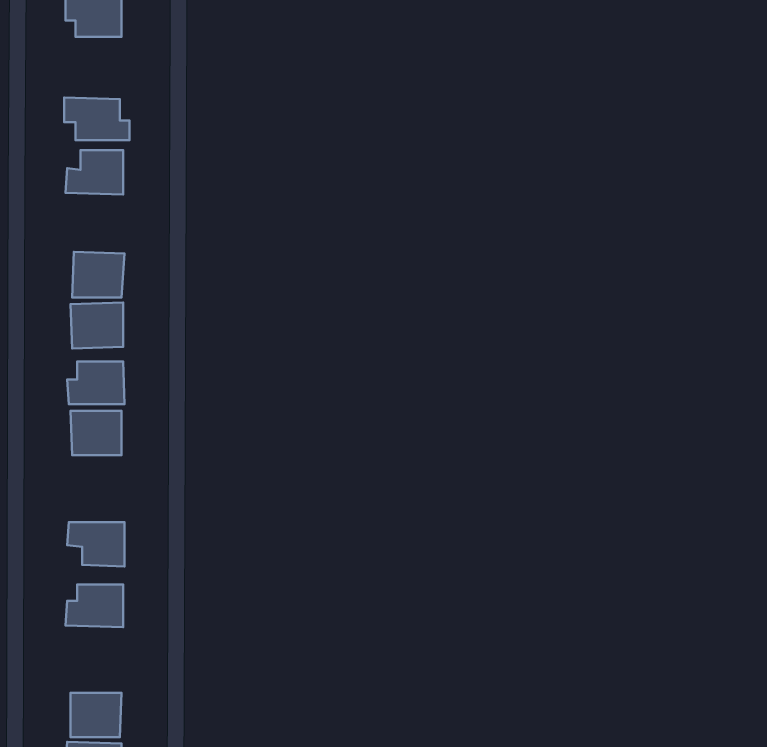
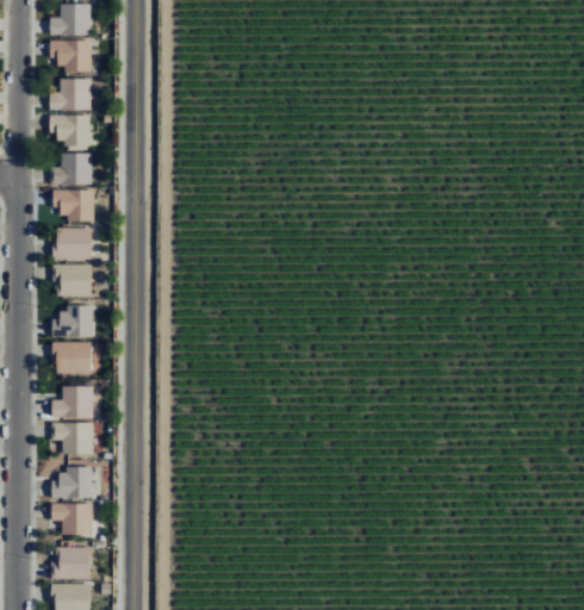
building: none -> [49,77,91,111]
building: none -> [52,189,94,219]
building: none -> [51,386,93,418]
building: none -> [51,503,93,535]

